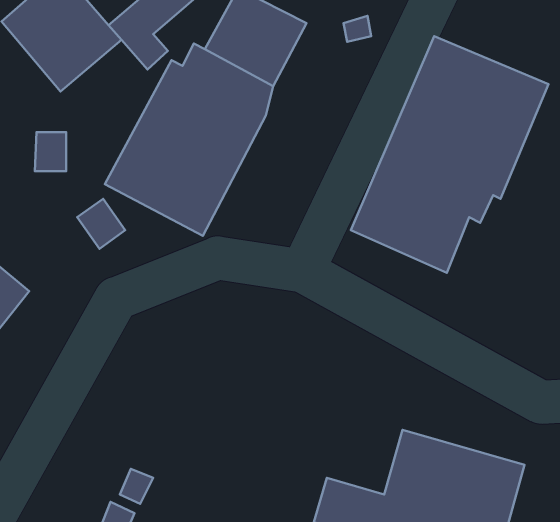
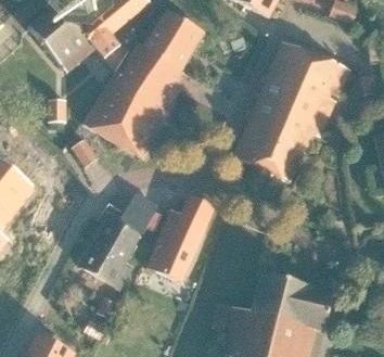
building: none -> [146,186,223,281]
building: none -> [78,195,155,289]

